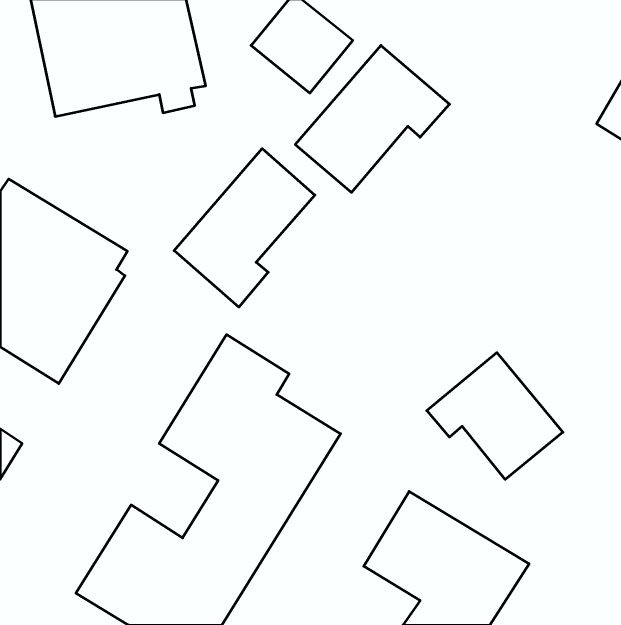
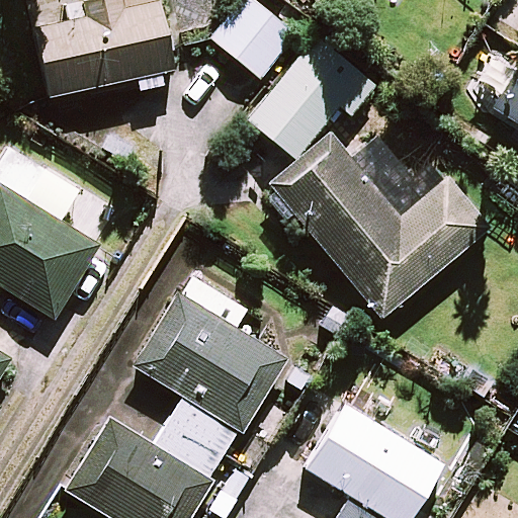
building: [174,149,315,307] -> none
building: none -> [272,137,490,317]
building: [427,353,563,479] -> none

